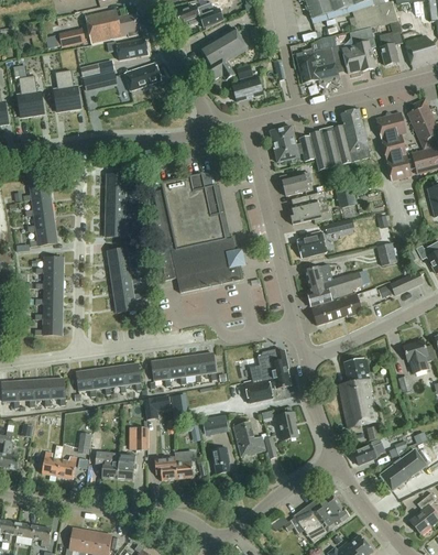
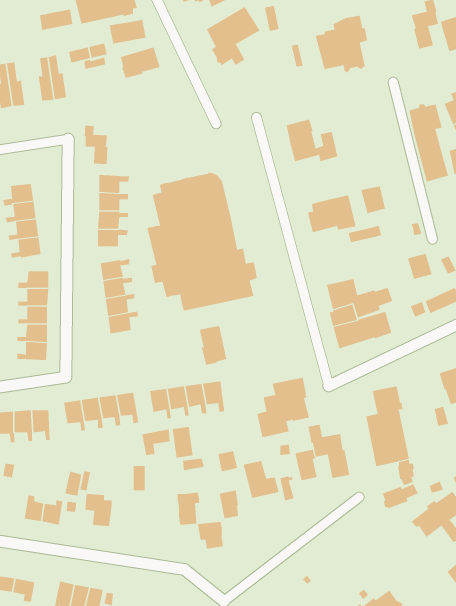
building: [342,26,375,73] -> none
building: [231,64,263,100] -> none
building: [309,108,370,168] -> none
building: none -> [84,125,108,165]
building: [280,172,311,195] -> none
building: [297,229,327,257] -> none
building: none -> [199,325,227,365]
building: none -> [308,424,350,479]
building: [117,451,135,480] -> none
building: [154,456,177,480] -> [197,521,224,549]
building: [293,494,349,542] -> none

